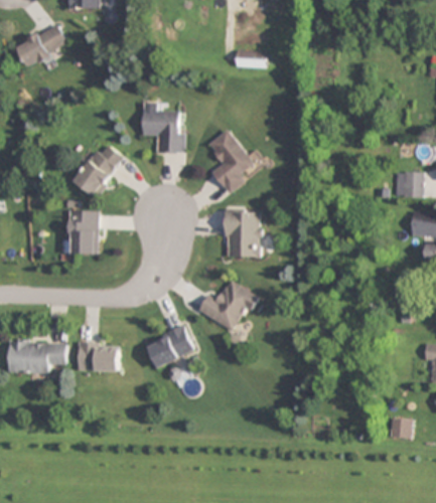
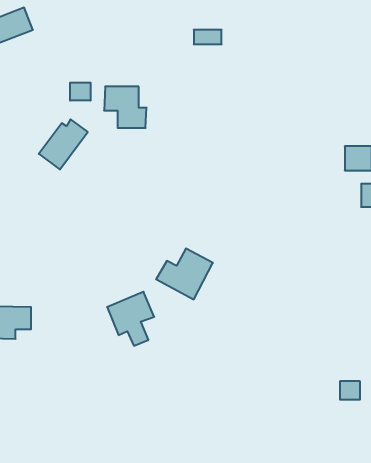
building: none -> [70,83,91,101]
building: [207,128,254,194] -> none
building: [225,207,261,256] -> none
building: [67,209,99,254] -> none
building: [77,342,118,370] -> none

